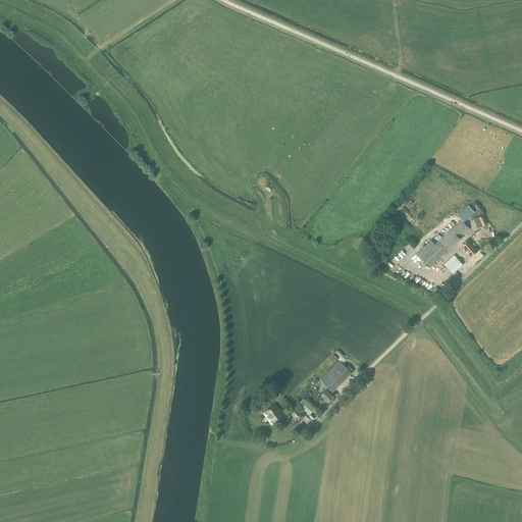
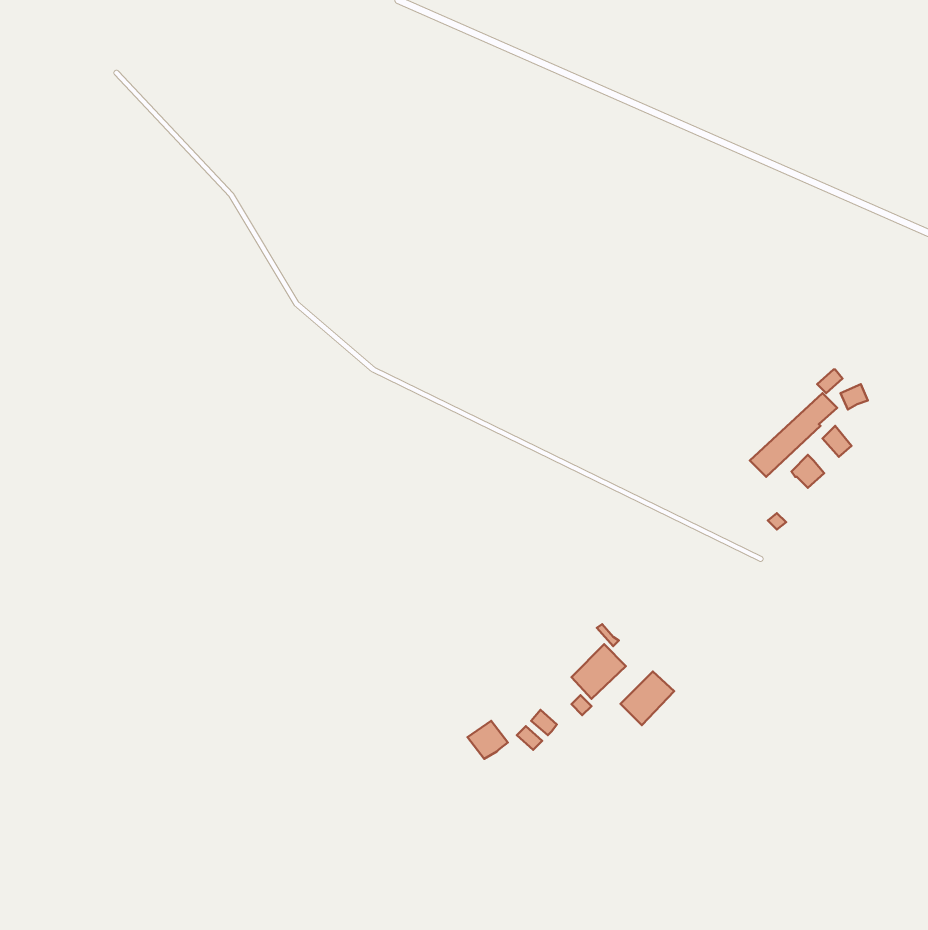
building: none -> [621,672,674,725]

